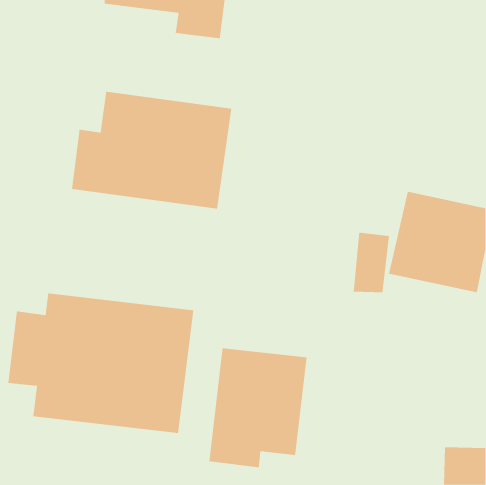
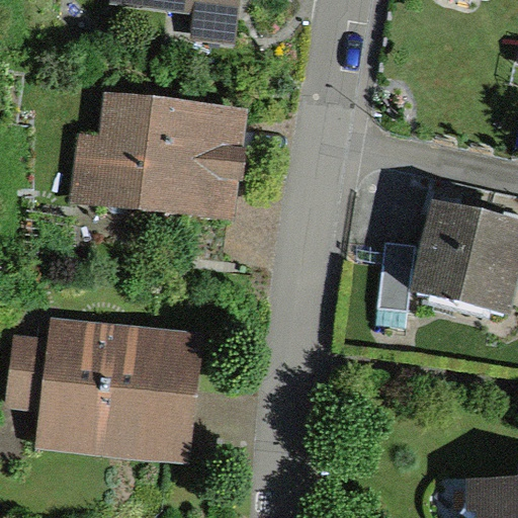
building: [209,347,307,468] -> none

